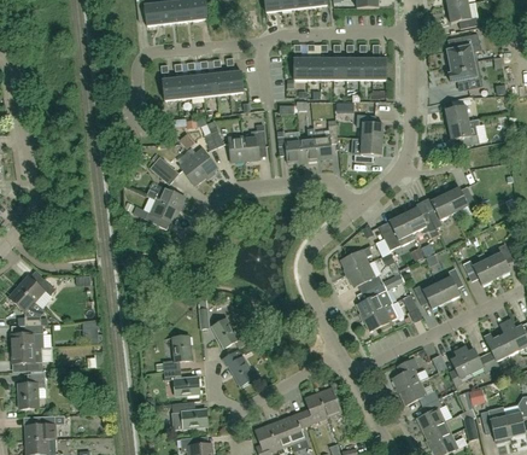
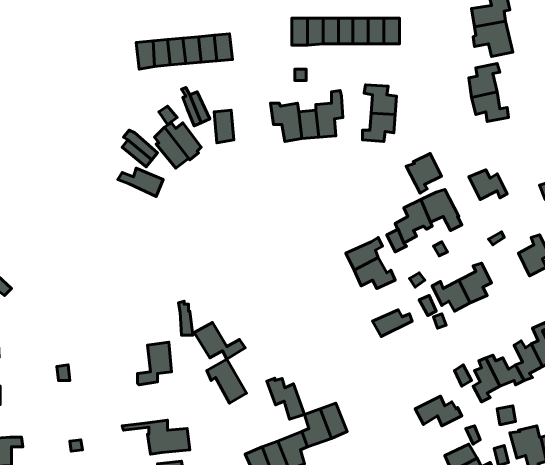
building: [242,124,265,162] -> none
building: [424,193,455,227] -> [406,153,441,193]
building: [144,199,178,228] -> none
building: [463,252,497,285] -> none
building: [357,281,392,316] -> none
building: [393,357,429,391] -> none
building: none -> [267,378,305,419]
building: [164,368,199,396] -> none
building: [417,397,445,431] -> none

